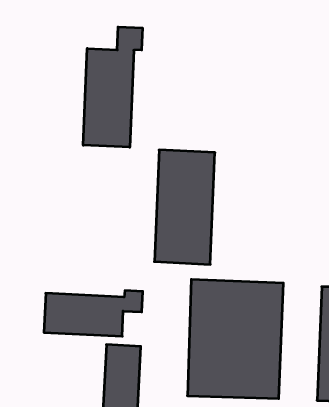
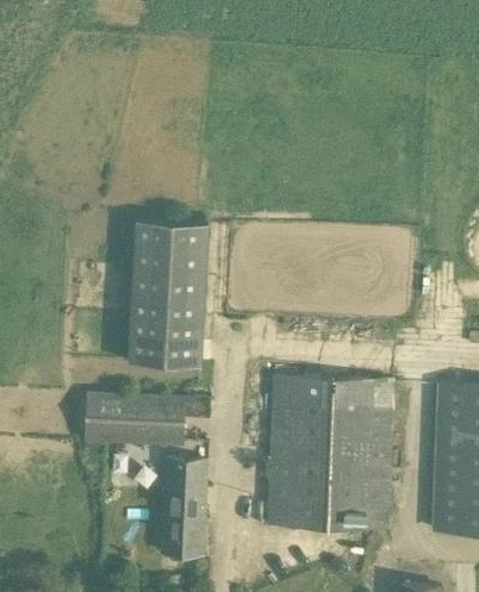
building: [83,27,142,147] -> none
building: [154,150,215,264] -> [129,222,206,368]

